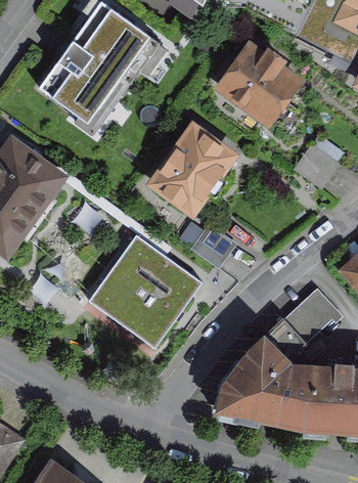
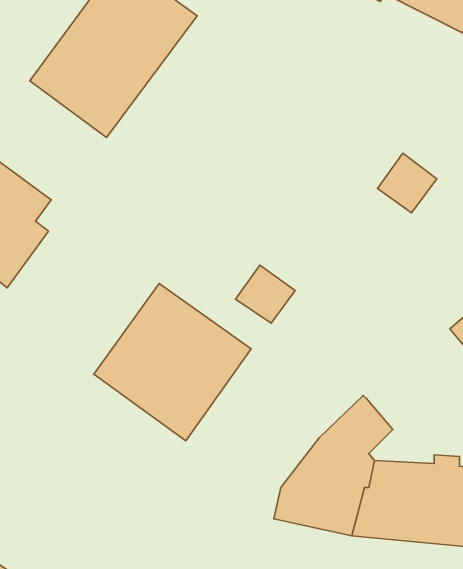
building: [220,47,294,118] -> none
building: [151,126,230,210] -> none
building: [283,289,337,342] -> none

